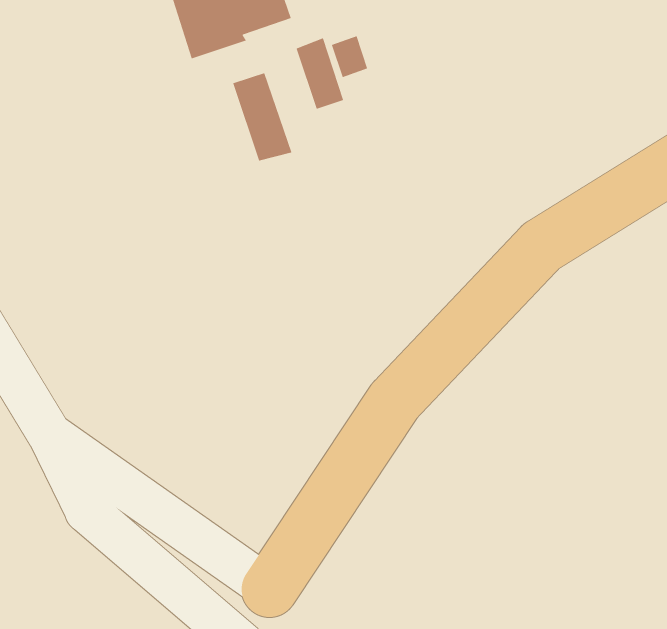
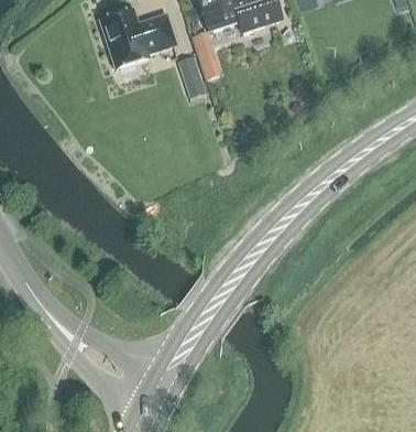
building: [232,72,292,162] -> none

